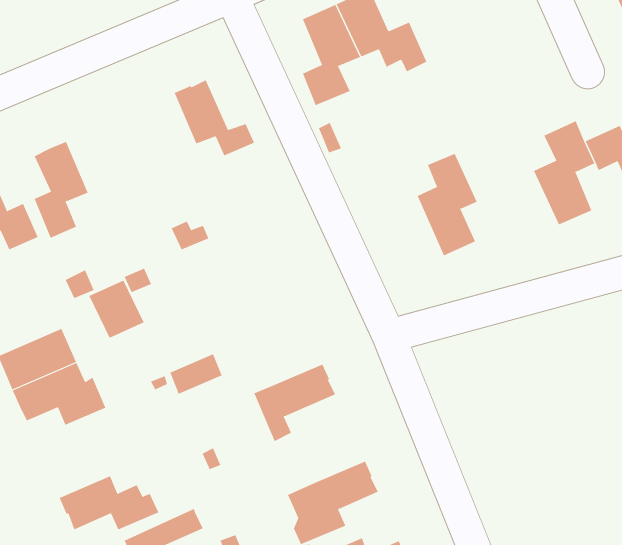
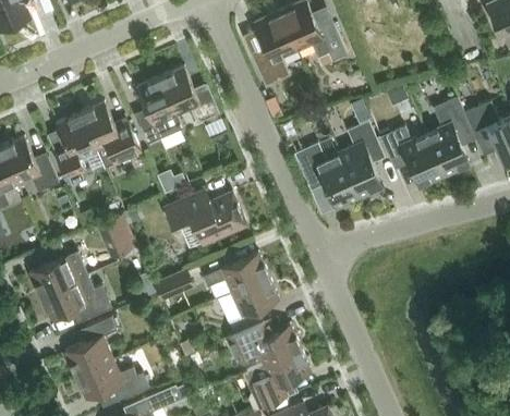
building: none -> [135,76,182,145]
building: none -> [80,101,138,163]
building: none -> [379,126,444,185]
building: none -> [294,143,359,208]
building: none -> [163,193,245,244]
building: none -> [202,252,269,293]
building: none -> [64,317,117,376]
building: none -> [224,323,301,365]

